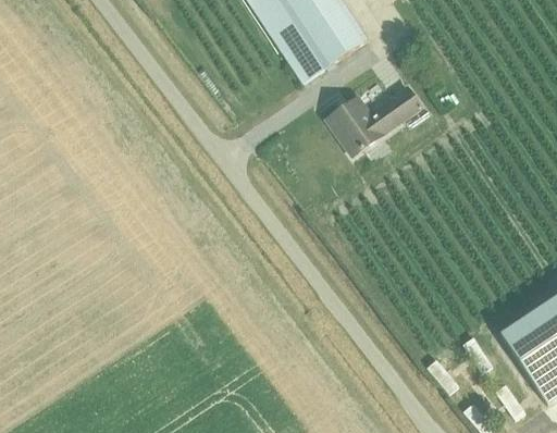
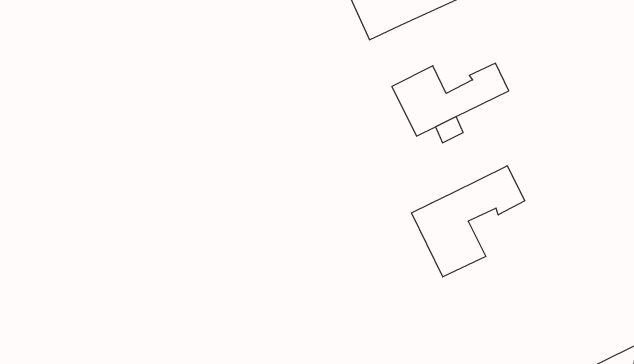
building: none -> [411,166,525,277]

